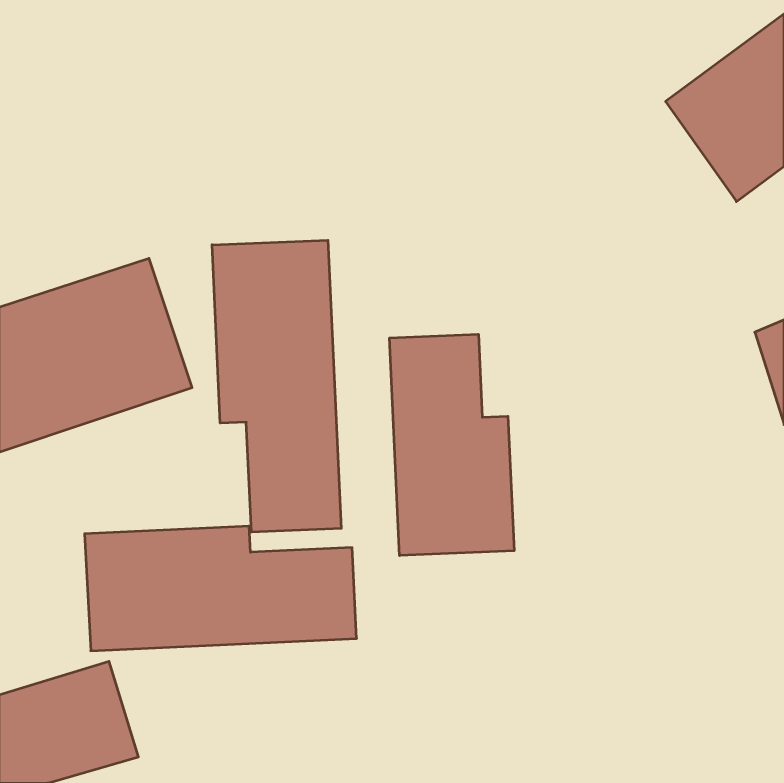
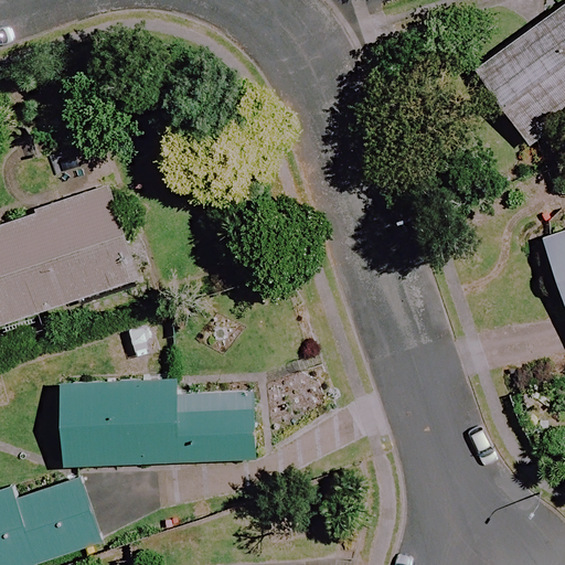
building: [212,240,341,532] -> none
building: [390,334,514,556] -> none

